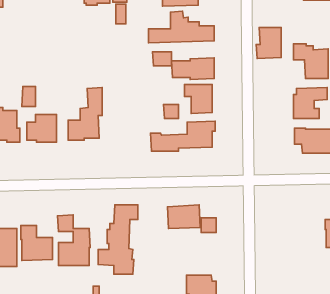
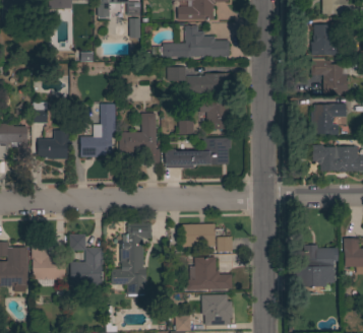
building: [256,28,281,58] -> [310,24,336,56]
building: none -> [119,114,160,163]
building: none -> [295,245,338,288]
building: none -> [186,257,232,290]

